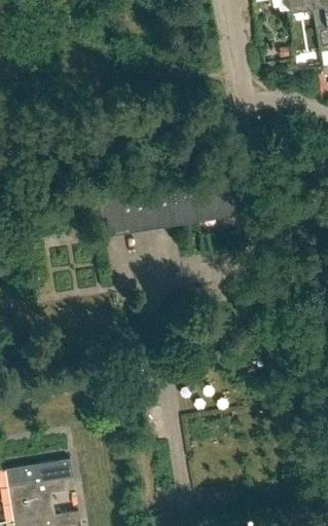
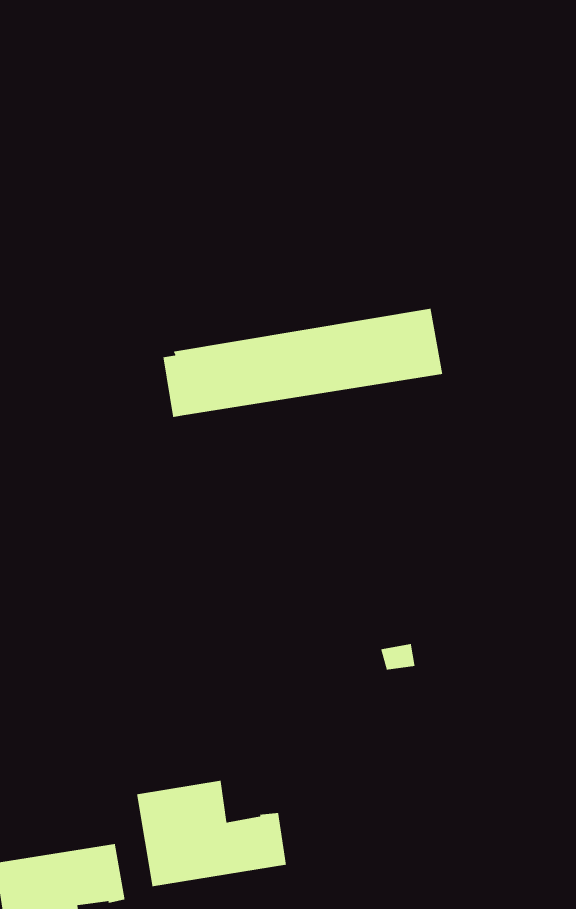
building: none -> [136,780,287,887]

